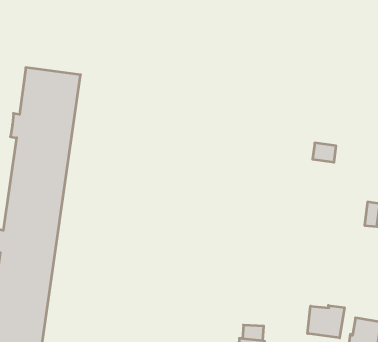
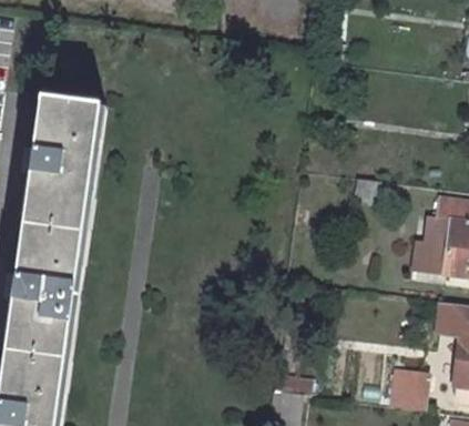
building: [308,305,344,338] -> none

